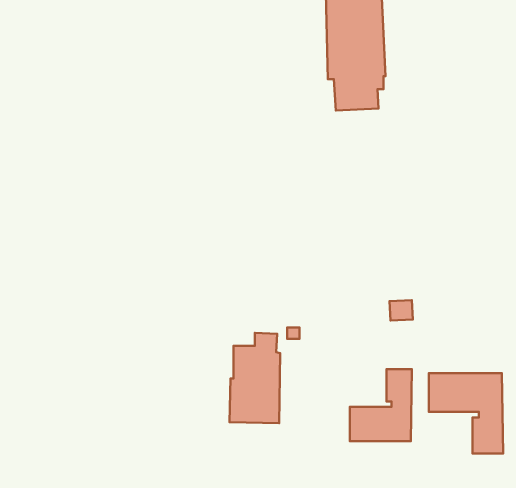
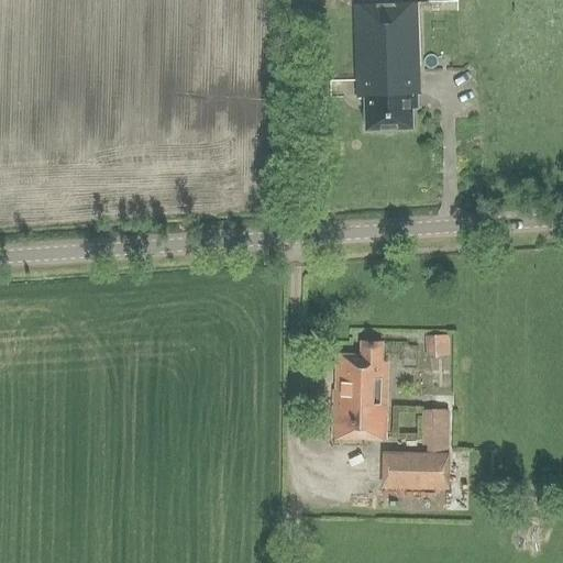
building: [229,333,280,423] -> [332,340,387,438]
building: [429,373,503,454] -> none

